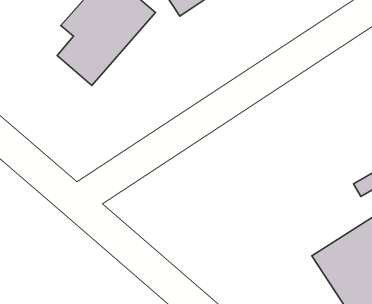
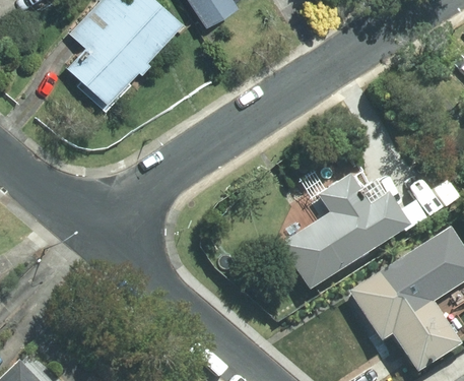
building: none -> [281,178,406,289]

